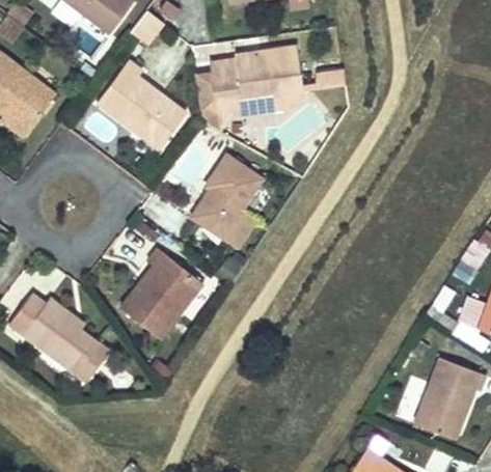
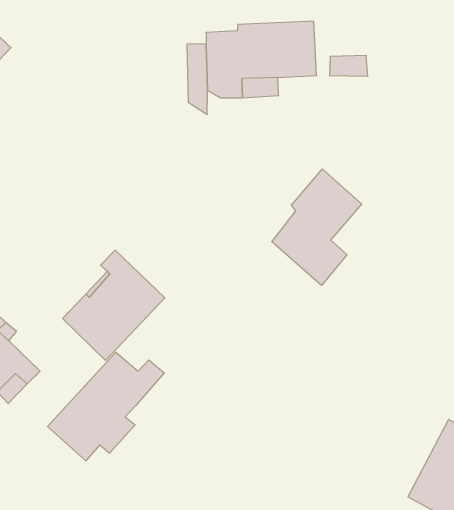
building: [96,60,184,147] -> none
building: [193,152,263,247] -> [272,169,362,285]
building: none -> [47,352,164,461]

